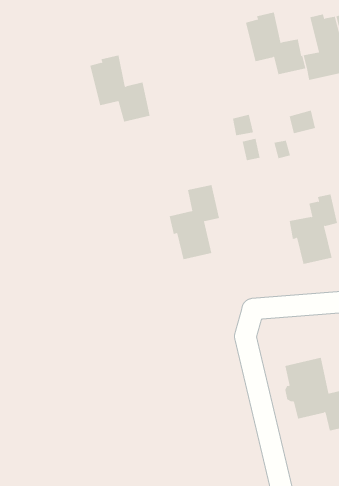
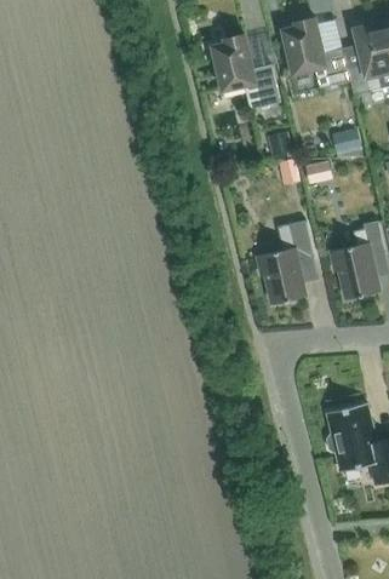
building: [90,55,151,122] -> [212,34,280,109]
building: [169,185,220,260] -> [257,220,314,304]

